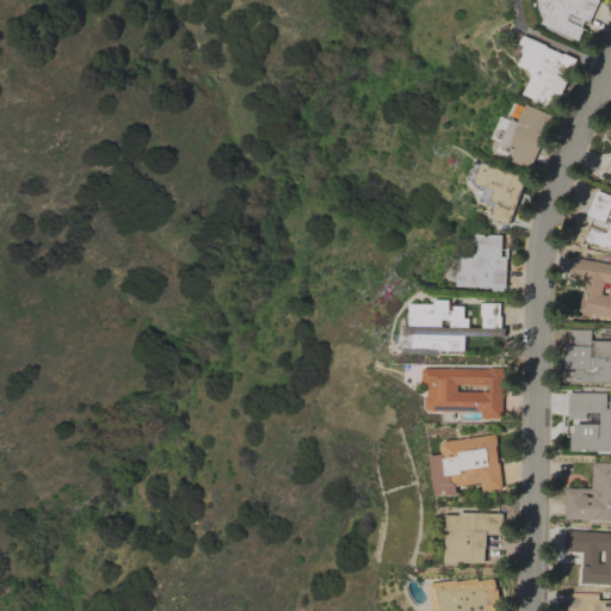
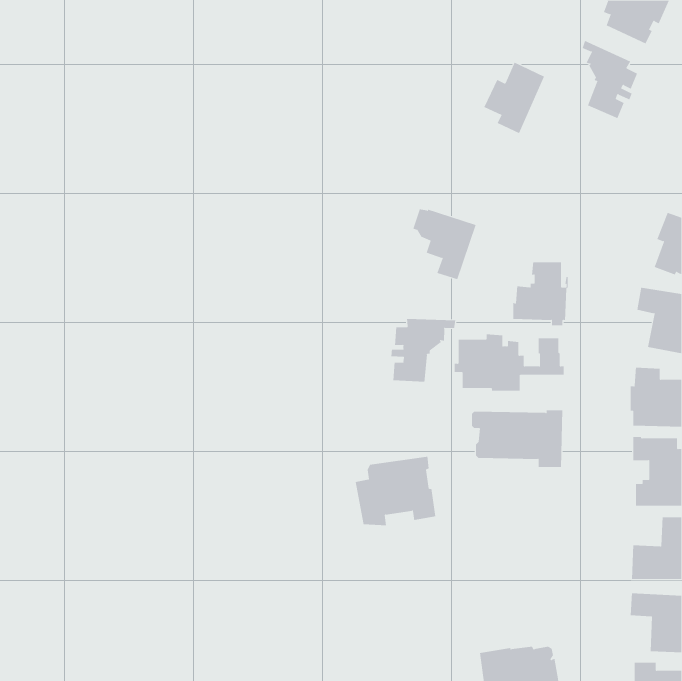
building: [499,104,554,168] -> [483,62,545,134]
building: [469,162,526,226] -> [413,209,477,280]
building: none -> [391,318,456,383]
building: [430,434,502,496] -> [355,456,436,526]
building: [444,513,502,563] -> none

